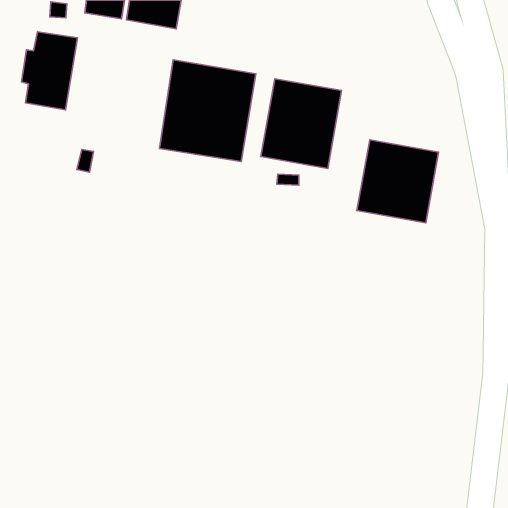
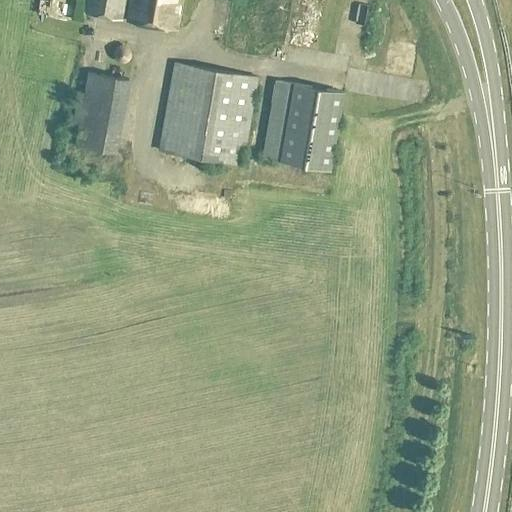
building: [22,32,77,110] -> [72,73,128,151]
building: [357,140,438,223] -> none

